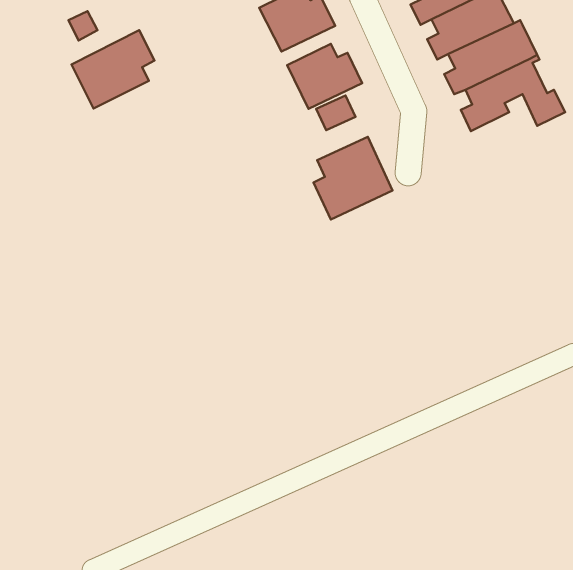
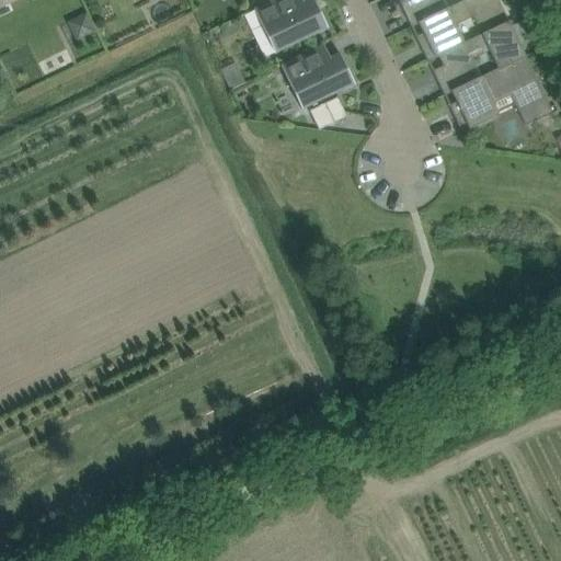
building: [71,30,155,109] -> none
building: [313,137,393,219] -> none

